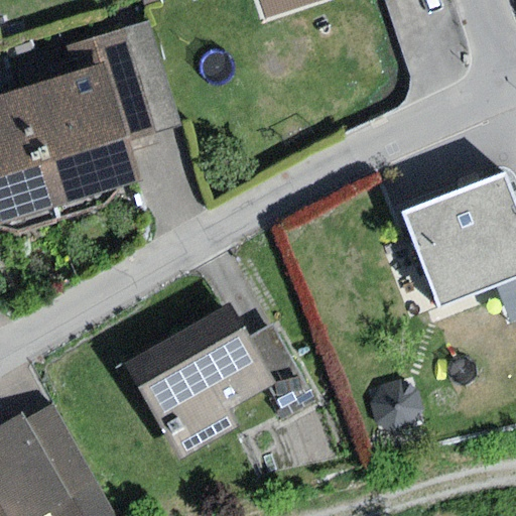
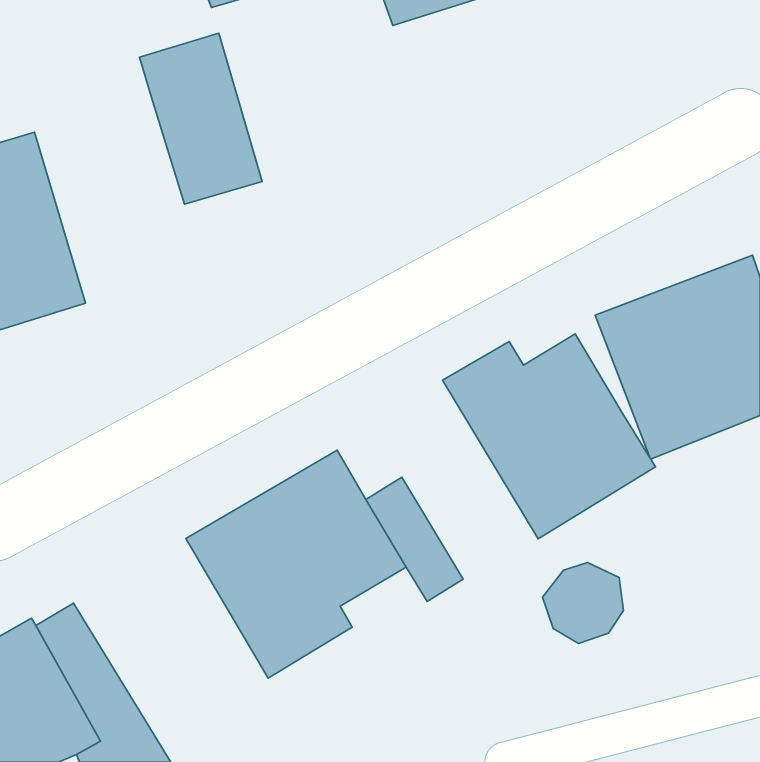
building: [23,66,137,204] -> none
building: none -> [442,334,655,539]

